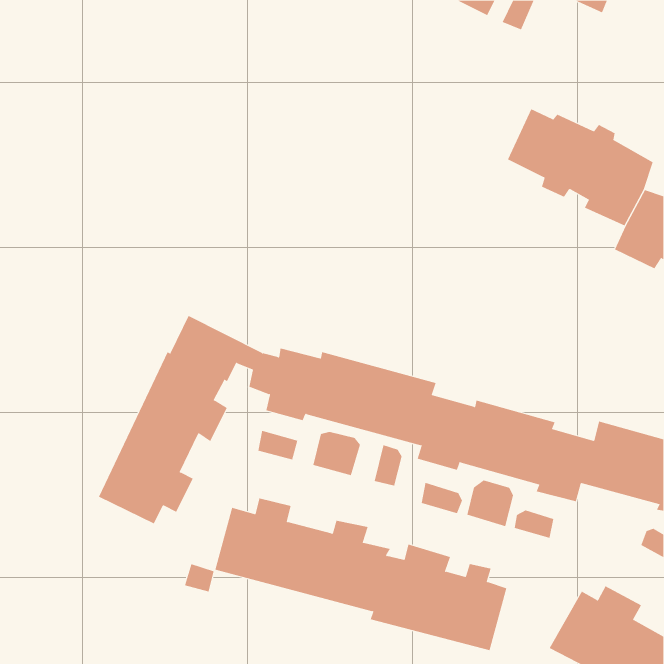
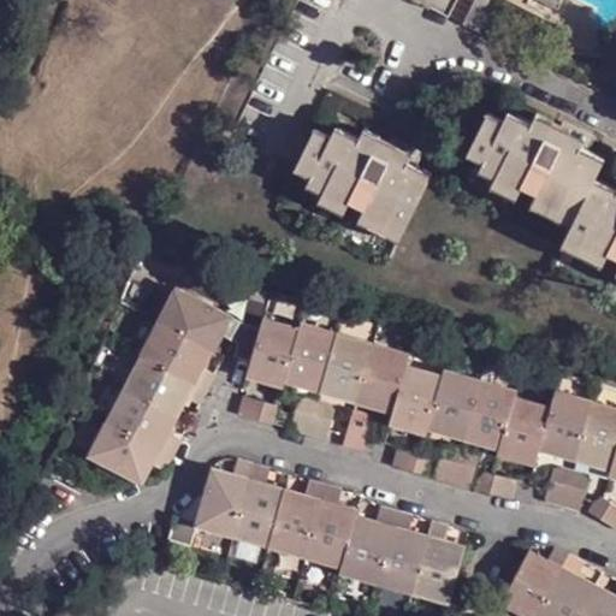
building: none -> [288,126,422,226]
building: none -> [543,466,585,507]

